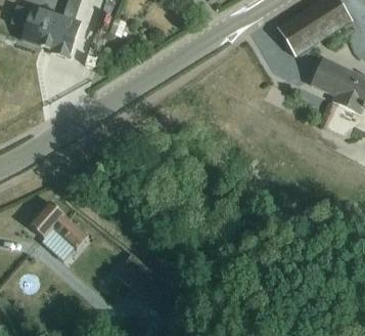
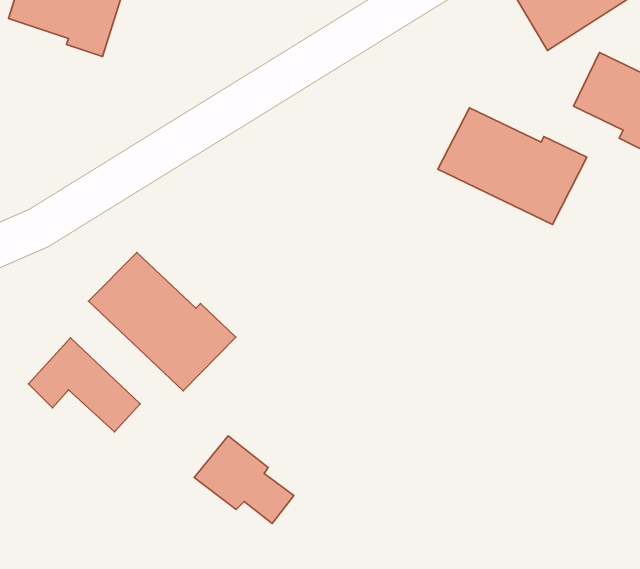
building: none -> [438,108,587,224]
building: none -> [88,252,236,391]

